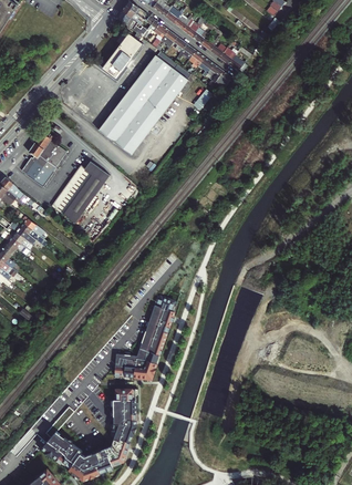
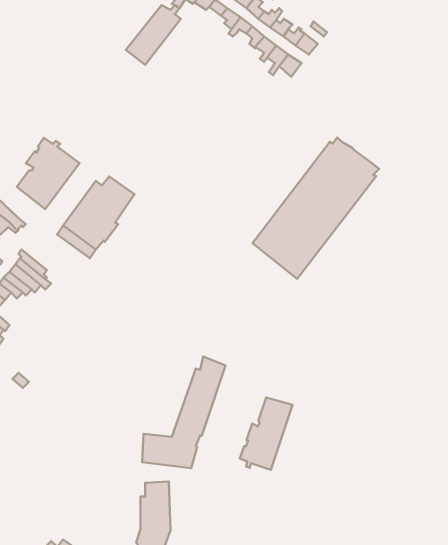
building: [97,51,191,156] -> [252,138,379,279]
building: none -> [240,397,292,470]

